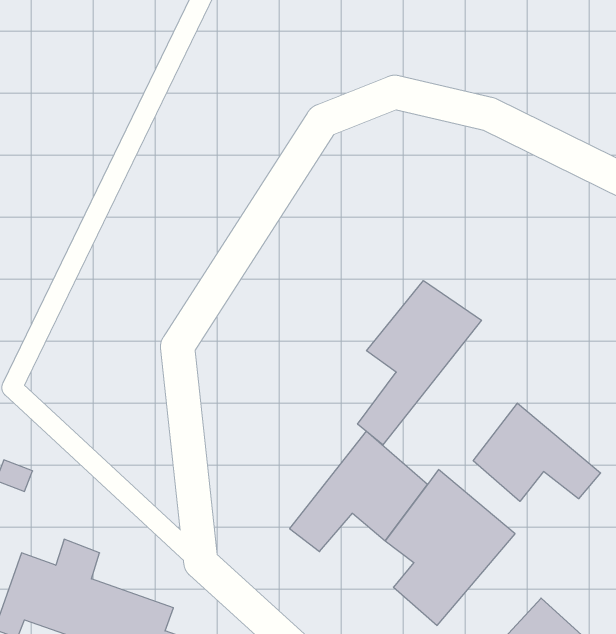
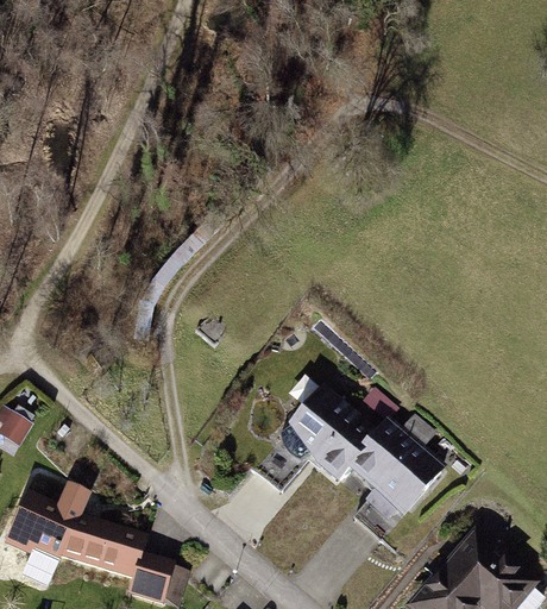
building: [358,281,481,445] -> none
building: [473,403,601,501] -> none

